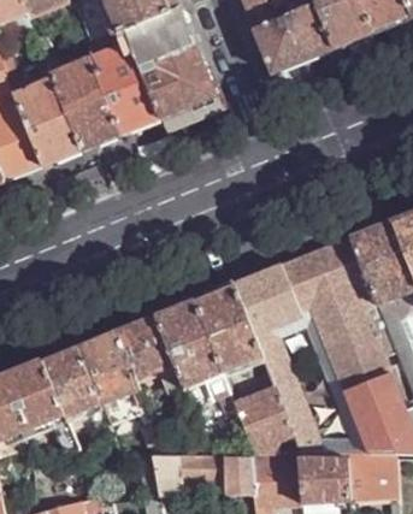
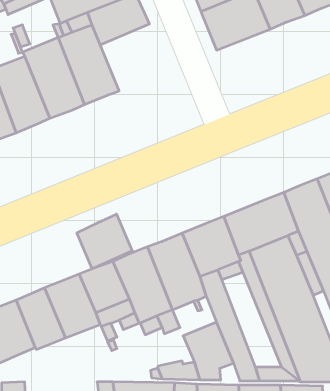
building: [140,41,217,118] -> none
building: none -> [77,214,132,269]

